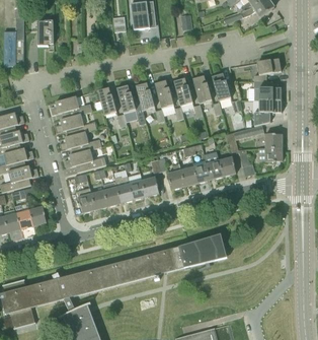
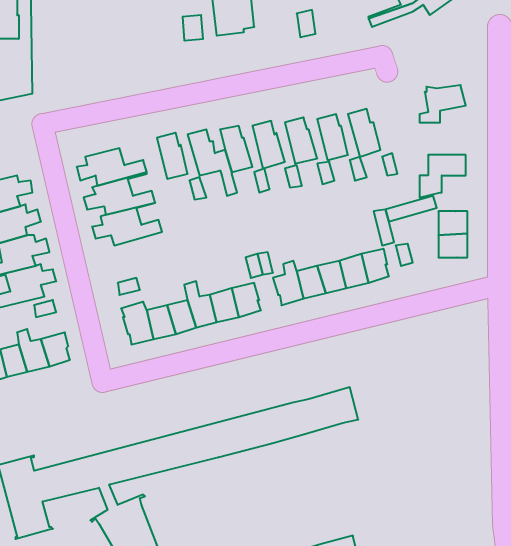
building: [36,19,53,46] -> none
building: [253,80,281,99] -> none
building: [64,145,105,172] -> none

